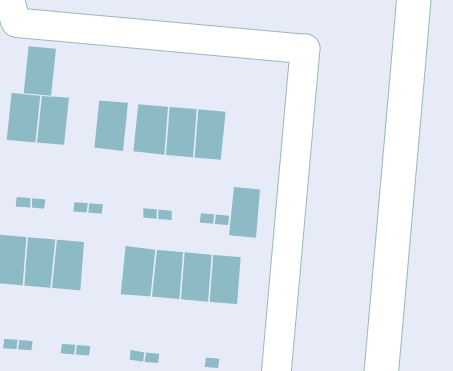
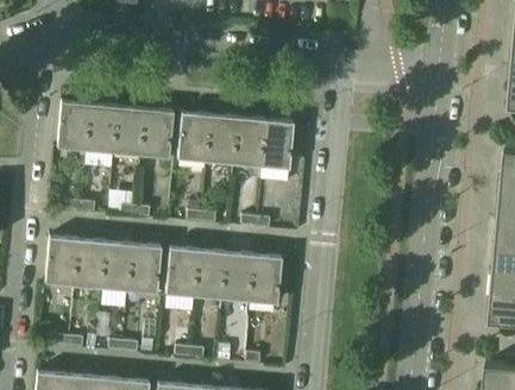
building: [23,46,57,96] -> [113,107,145,155]
building: [228,187,261,238] -> [262,120,293,169]
building: none -> [128,244,161,292]

